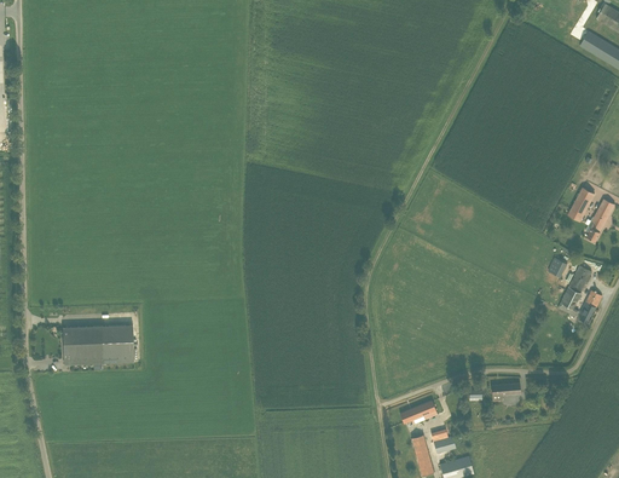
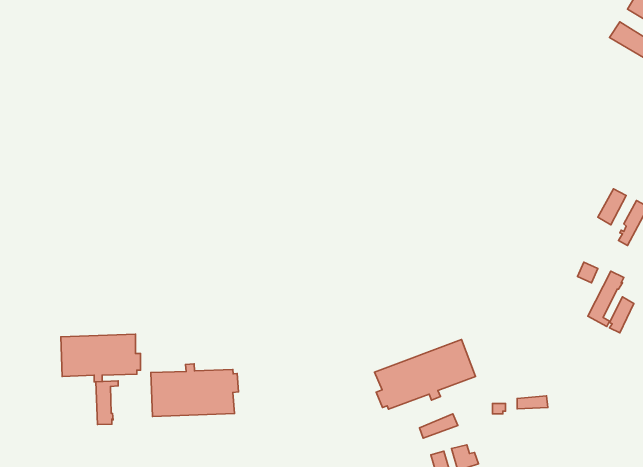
building: none -> [375,340,475,409]
building: none -> [151,364,239,416]
building: none -> [96,381,118,424]

